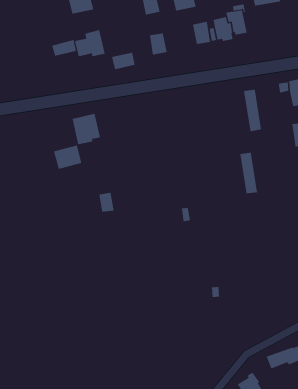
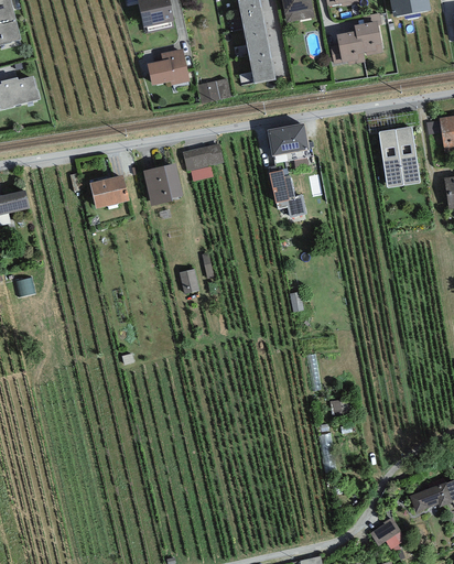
building: [192,21,211,44] -> [244,23,269,55]
building: [52,39,77,57] -> none
building: none -> [267,122,309,156]
building: none -> [182,142,224,181]
building: none -> [269,169,306,217]
building: [53,145,82,170] -> [89,174,129,208]
building: [239,152,258,194] -> [394,127,420,184]

